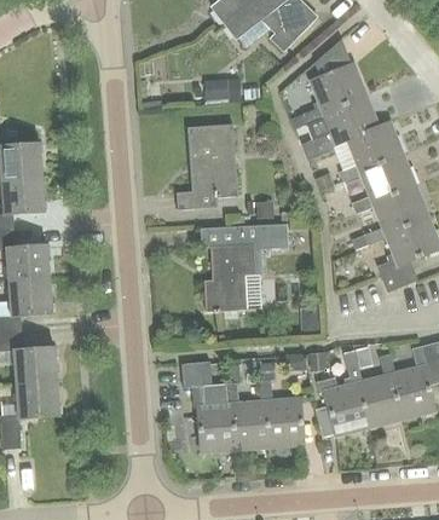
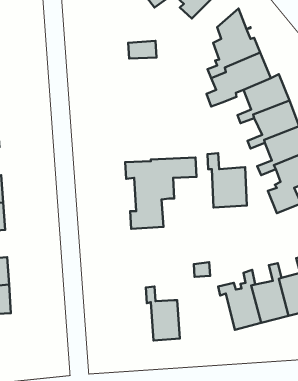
building: [177,123,238,209] -> none
building: none -> [207,153,247,207]
building: [180,360,235,451] -> none
building: [259,379,304,446] -> none

